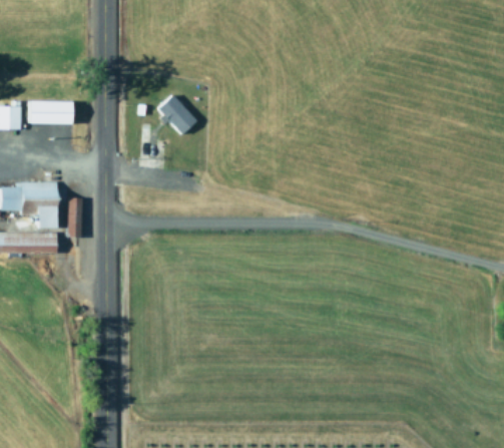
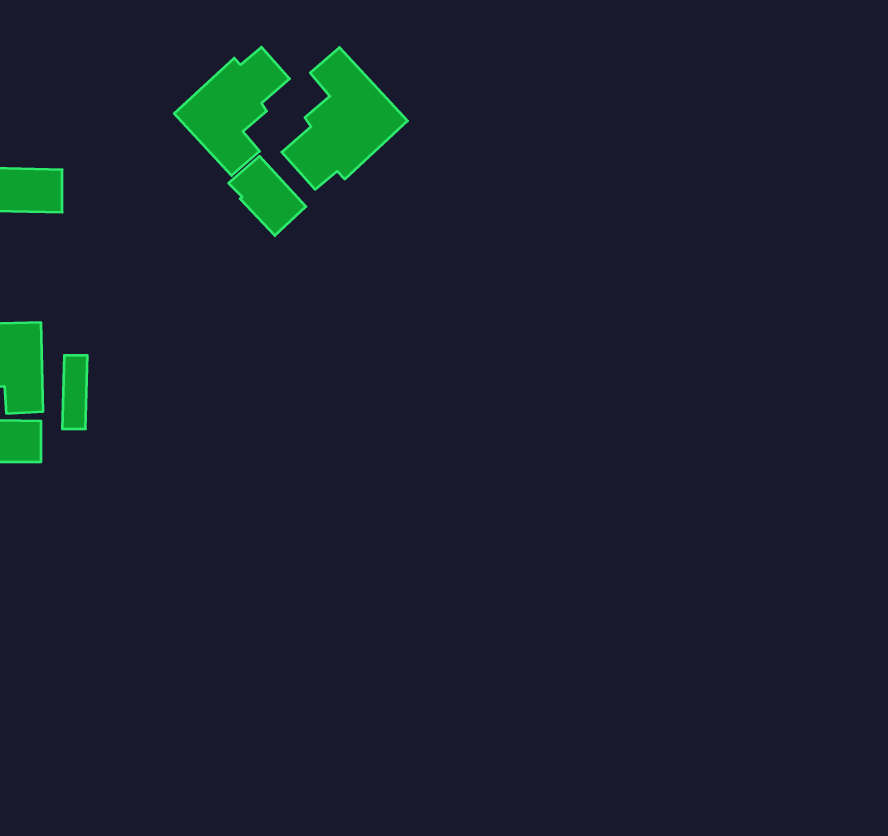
building: none -> [174,47,290,176]
building: none -> [282,47,408,189]

